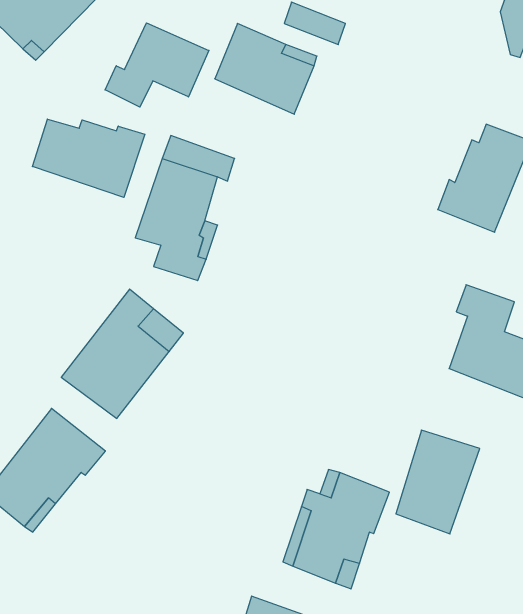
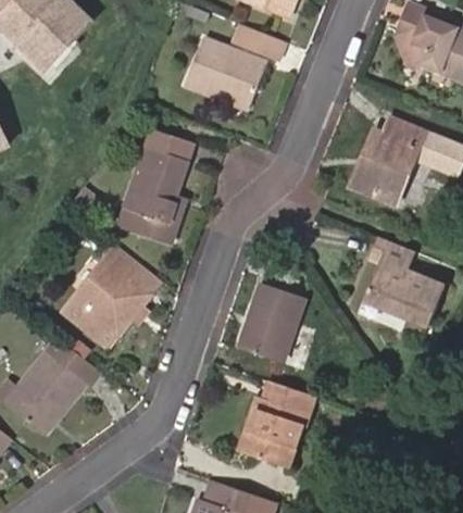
building: [105,23,209,107] -> none
building: [32,119,145,197] -> none
building: [396,430,480,534] -> [239,286,303,365]

